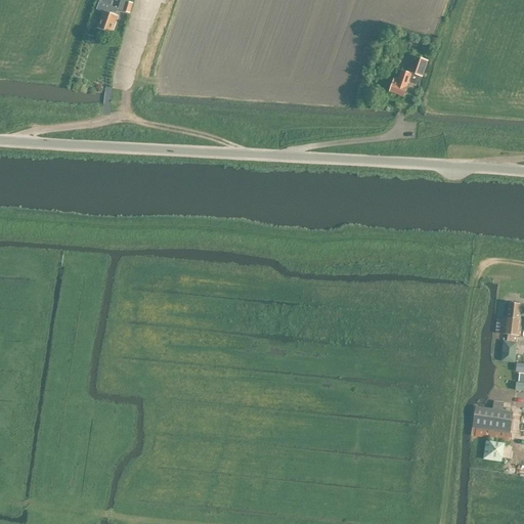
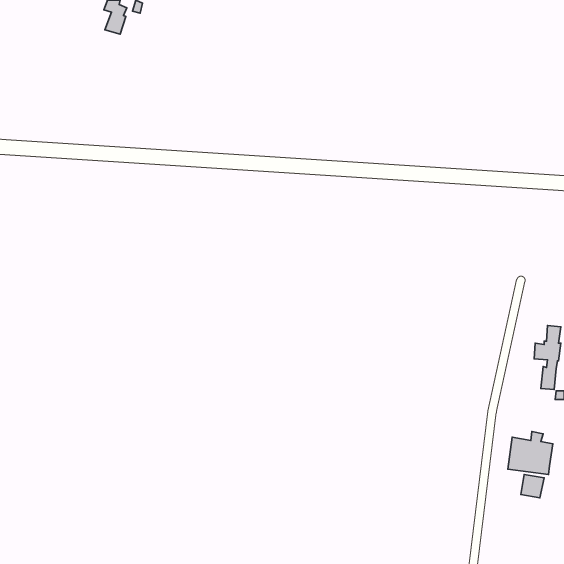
building: [390,54,428,95] -> none

